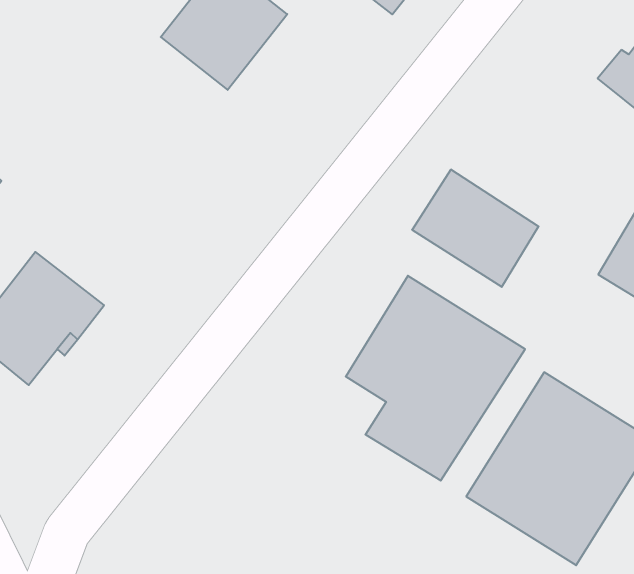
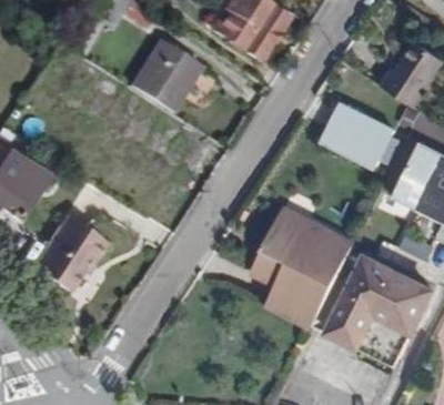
building: [412,170,539,287] -> [322,101,394,165]

